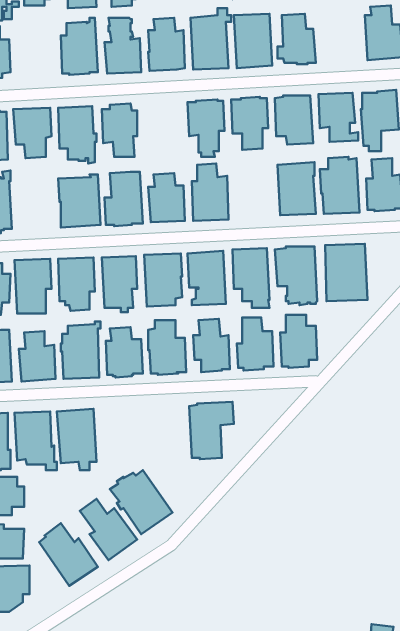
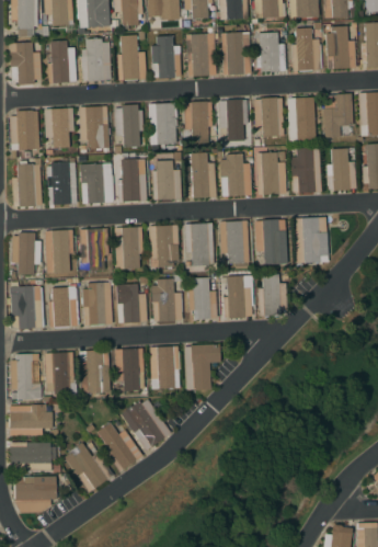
building: none -> [291,27,320,71]
building: none -> [47,41,76,83]
building: none -> [148,103,176,145]
building: none -> [219,151,251,196]
building: none -> [46,158,77,205]
building: none -> [149,345,180,390]
building: none -> [114,349,144,394]

